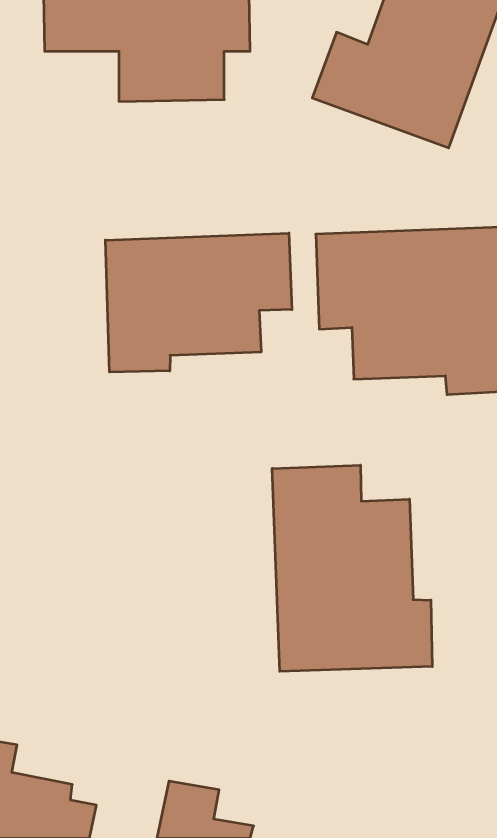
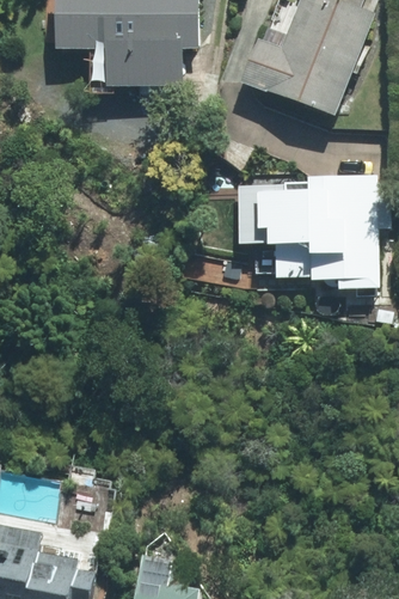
building: [105,233,292,372] -> none
building: [272,465,432,671] -> none

